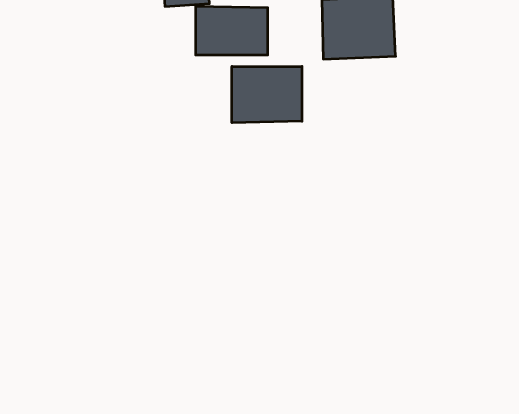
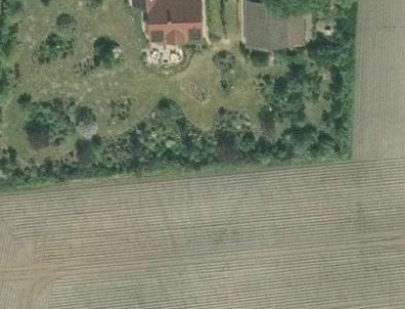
building: [232,66,302,123] -> none

